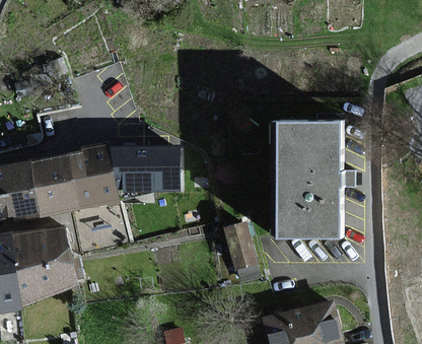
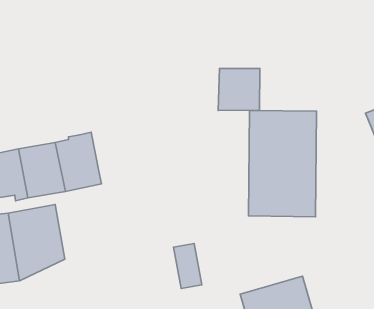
building: none -> [218,68,260,110]
building: [104,146,179,192] -> none
building: [223,219,254,268] -> [174,243,202,289]

